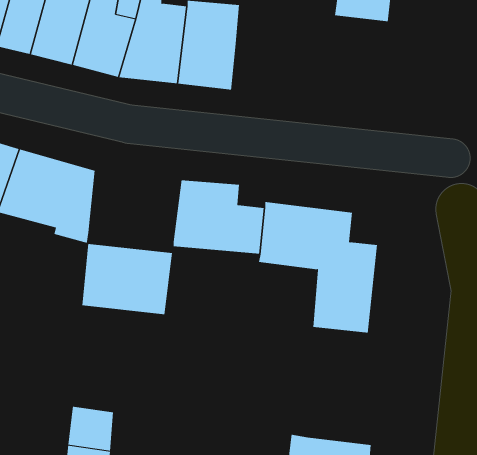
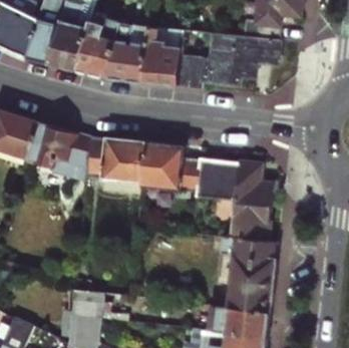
building: none -> [177,34,278,88]
building: [81,243,173,315] -> [84,137,143,184]
building: none -> [220,238,275,315]

